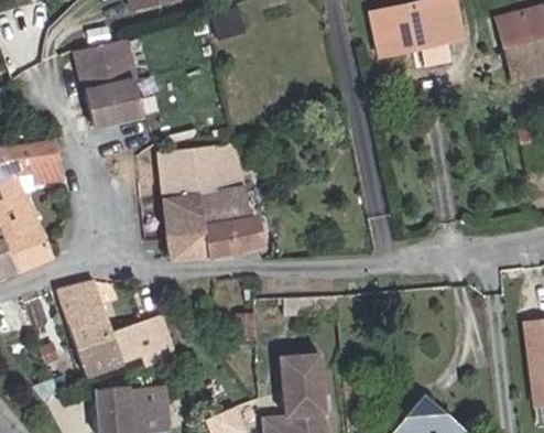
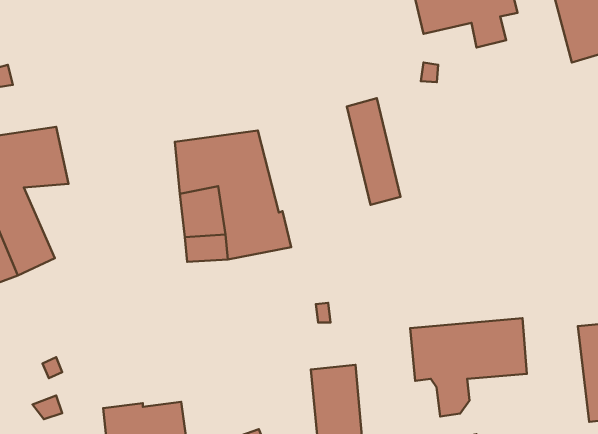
building: [76,41,143,128] -> none
building: none -> [347,98,401,205]
building: [56,280,174,376] -> none
building: none -> [410,318,527,416]

